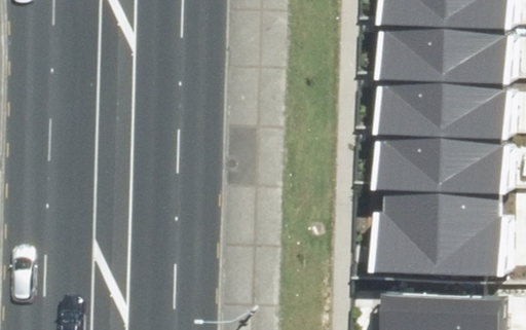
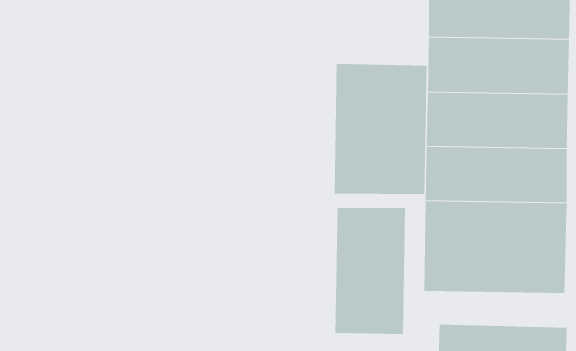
building: none -> [334,63,427,195]
building: none -> [335,207,406,335]

